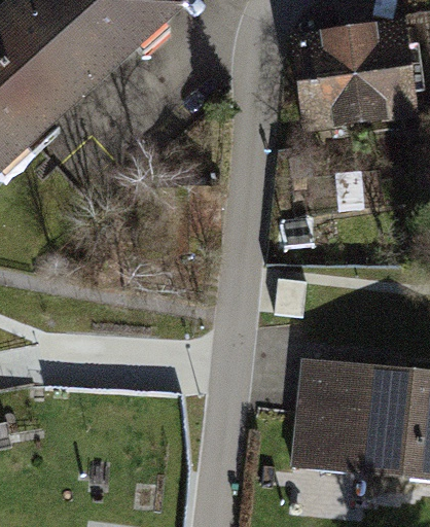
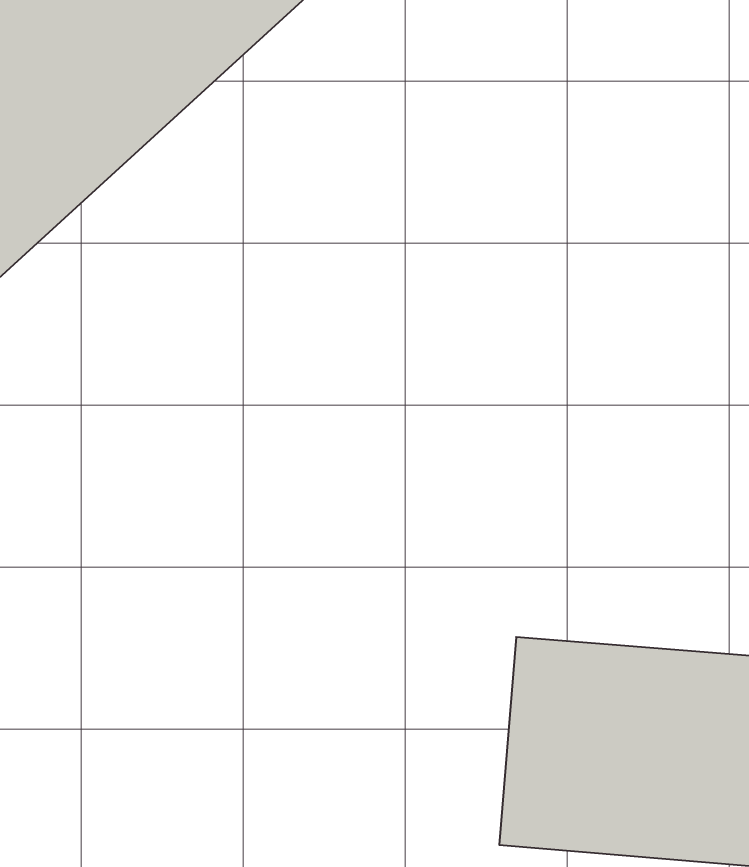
building: [295,23,418,130] -> none

